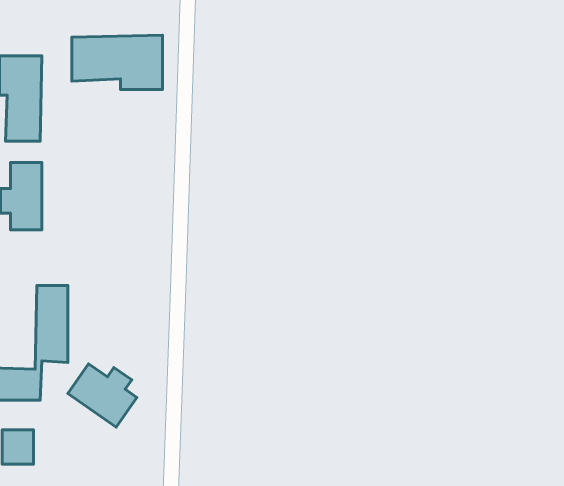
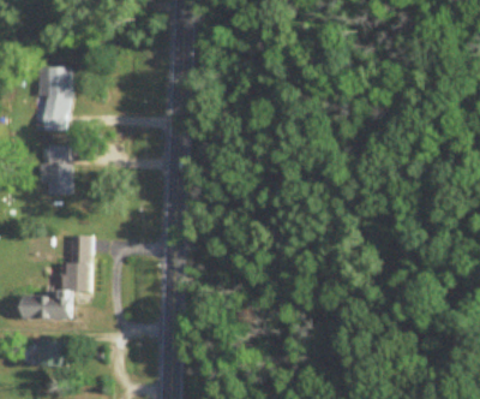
building: [72,35,163,89] -> none
building: [68,364,137,427] -> none

